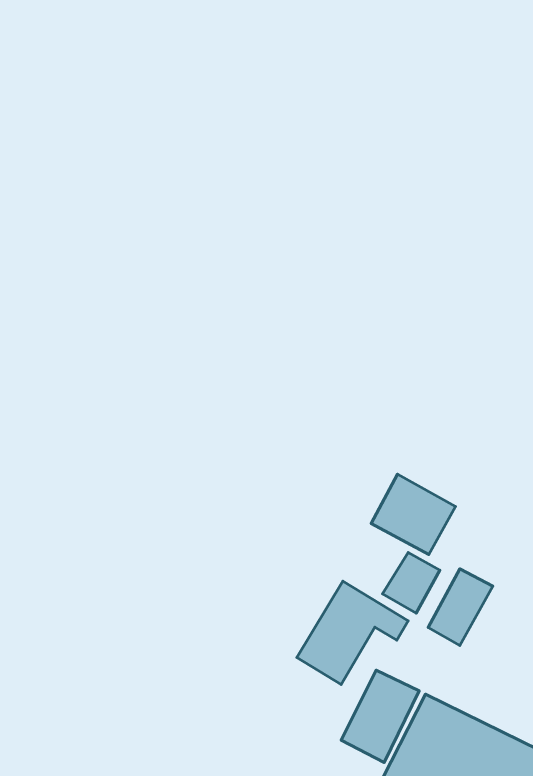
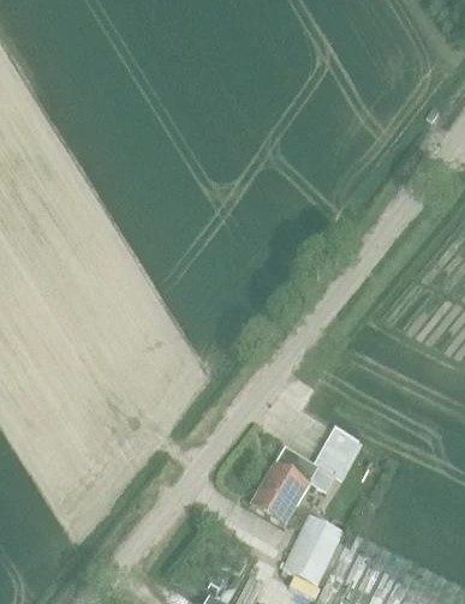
building: [371,474,456,554] -> none
building: [428,569,493,645] -> none

